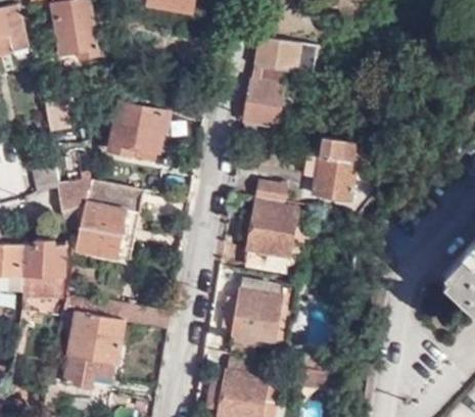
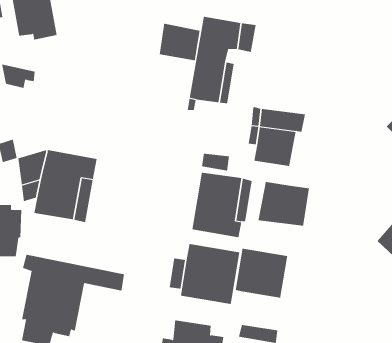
building: none -> [159,23,200,61]
building: [110,108,172,159] -> none
building: none -> [258,181,309,227]
building: none -> [235,248,288,298]

